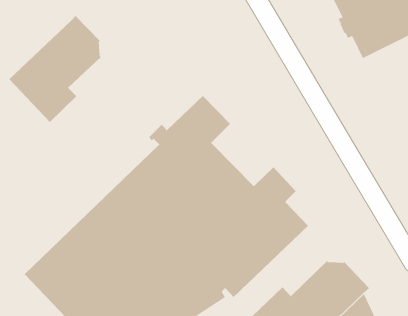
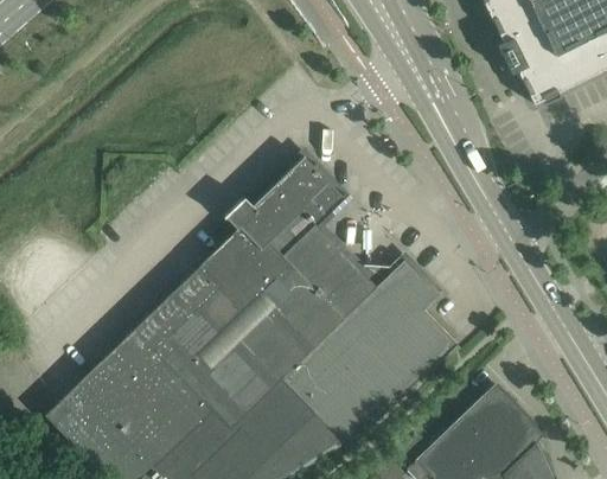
building: [8,15,102,123] -> none

